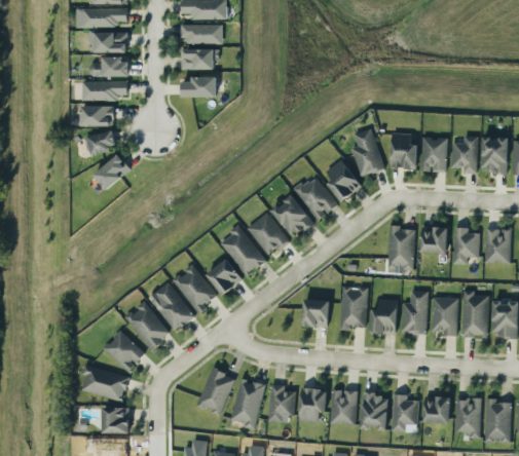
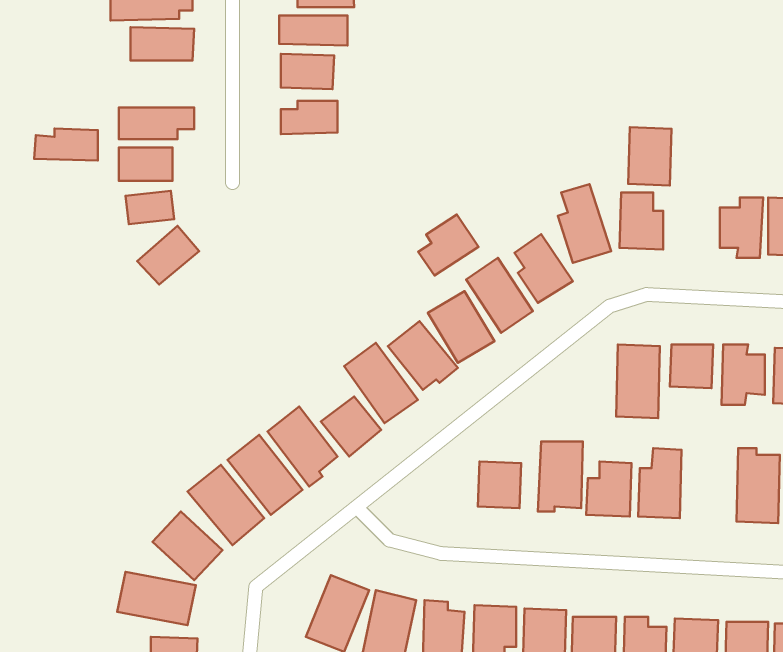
building: [89,58,128,77] -> [34,129,98,160]
building: [420,137,447,173] -> [628,127,671,186]
building: none -> [418,214,479,276]
building: [431,298,457,336] -> none

